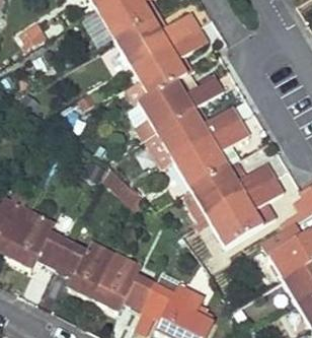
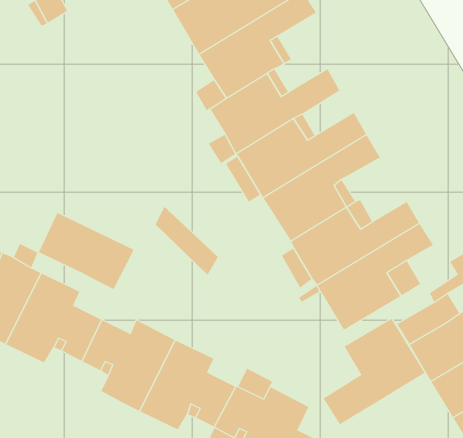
building: none -> [38,212,134,290]
building: none -> [323,318,426,425]

